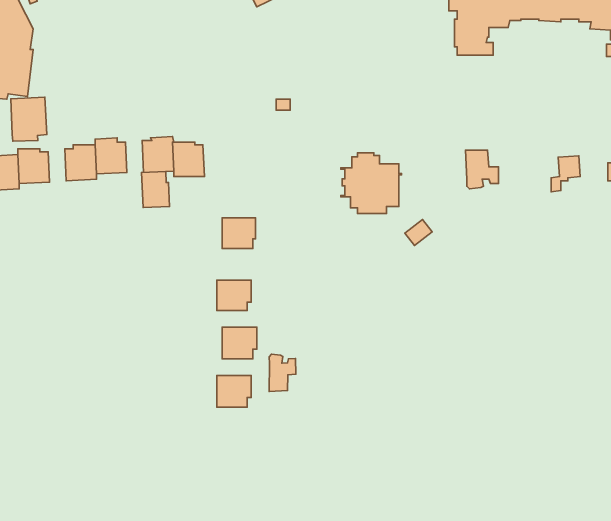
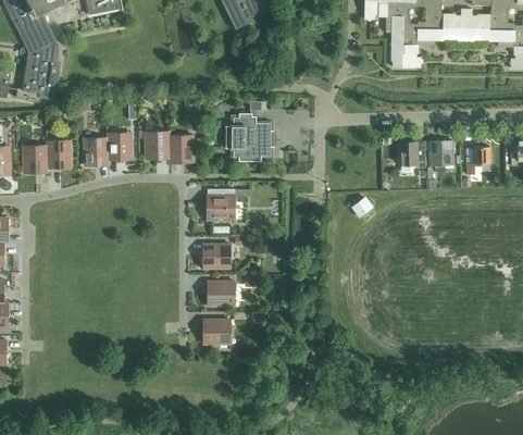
building: [11,97,47,141] -> none
building: none -> [427,139,452,165]
building: [341,153,402,213] -> [224,113,272,161]
building: [142,171,170,208] -> none
building: [269,354,296,391] -> none

